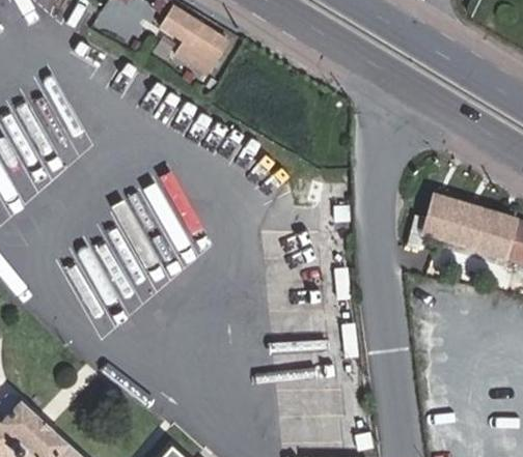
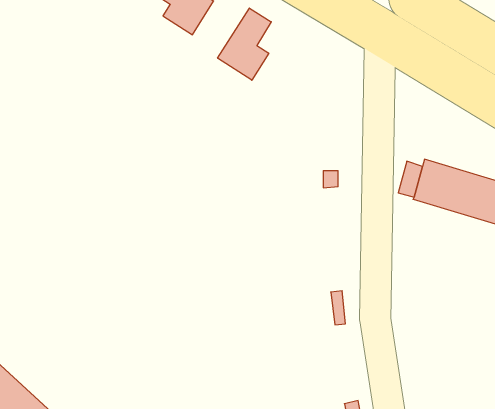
building: none -> [218,8,271,80]

